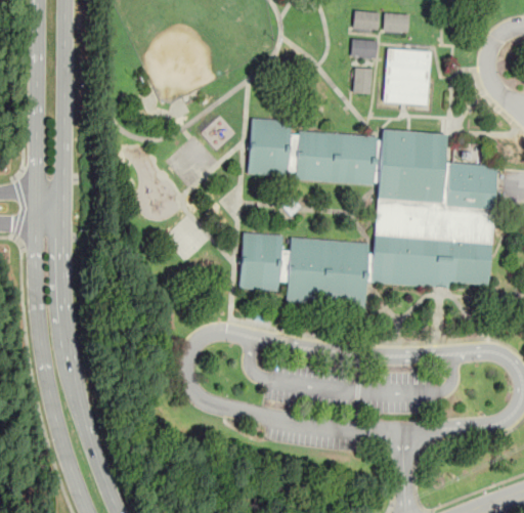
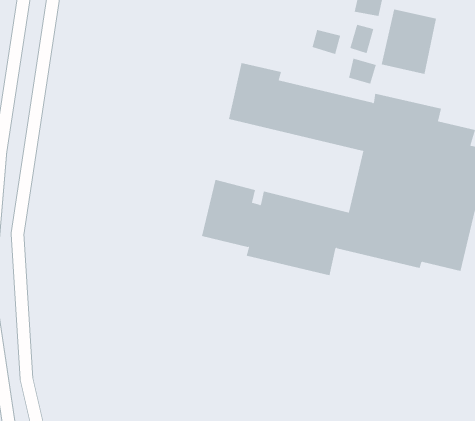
building: none -> [312,29,341,55]
building: none -> [348,58,376,84]

